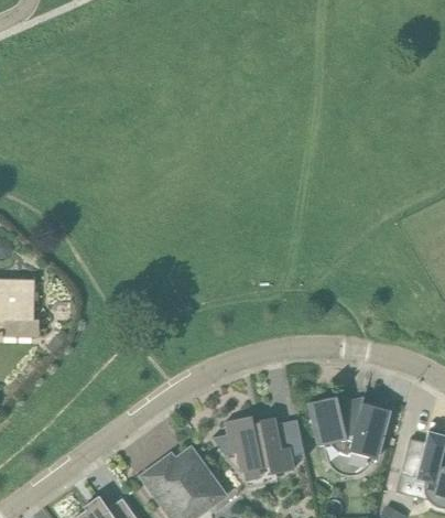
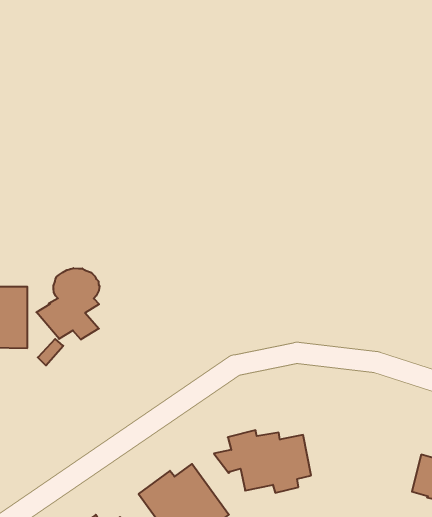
building: none -> [36,268,100,340]
building: [307,397,389,471] -> none

